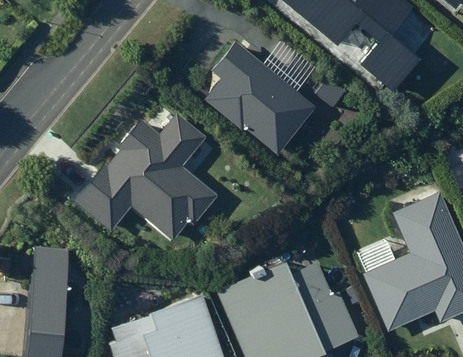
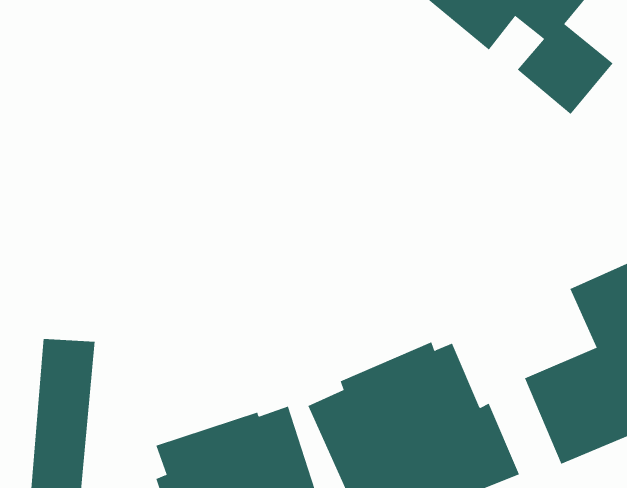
building: [202,42,314,152] -> none
building: [72,115,221,242] -> none

